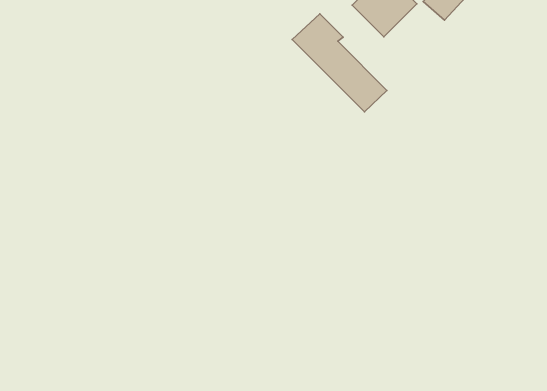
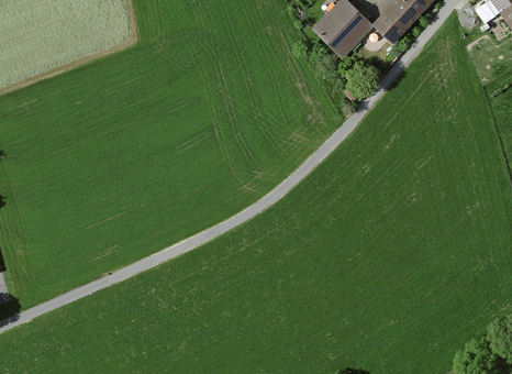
building: [292,14,387,112] -> none

